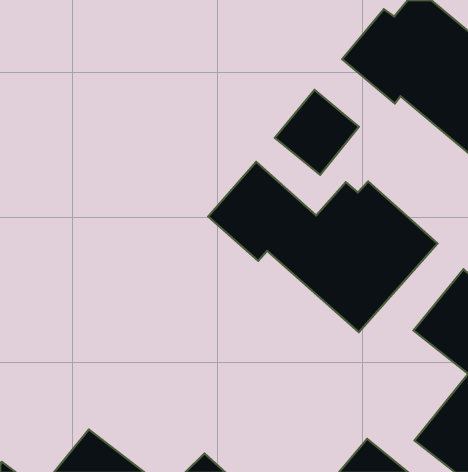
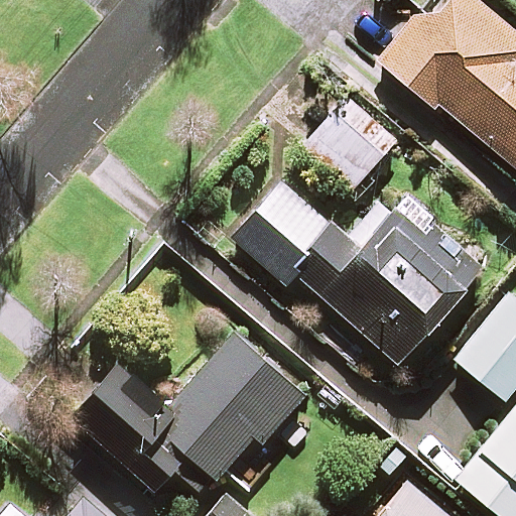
building: none -> [72,332,304,495]

